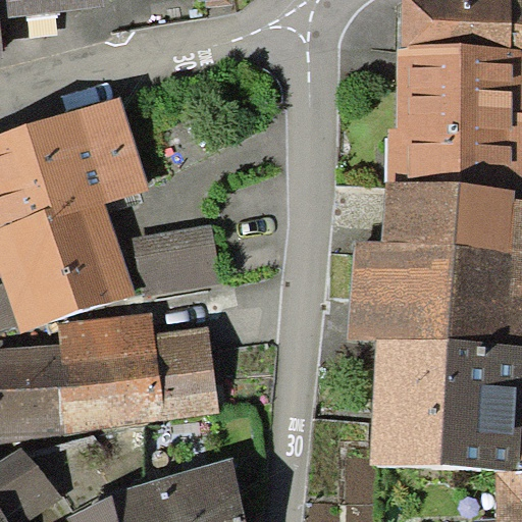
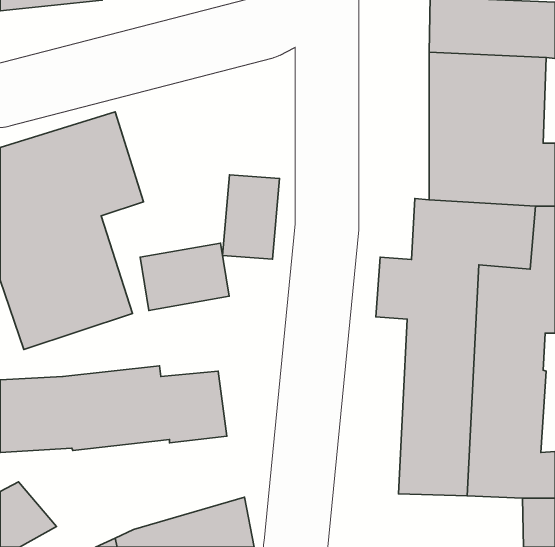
building: none -> [223,175,280,259]

